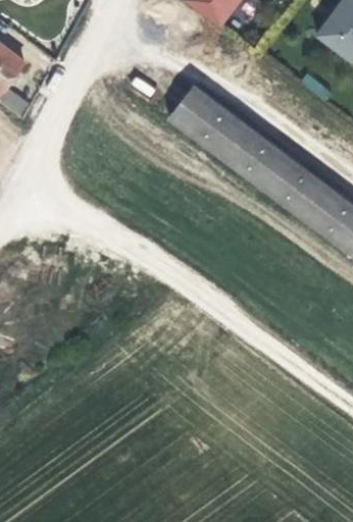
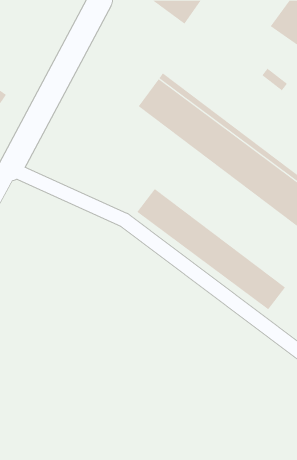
building: none -> [137,188,286,310]

